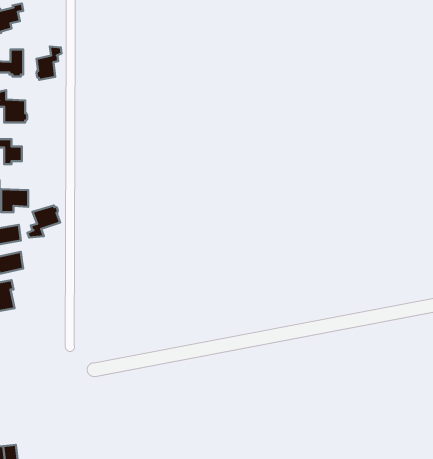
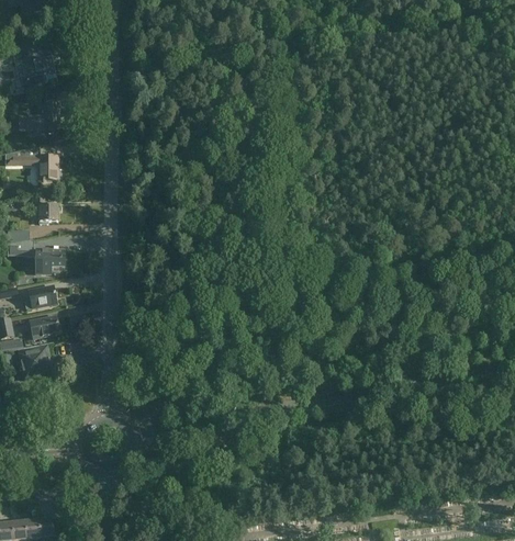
building: [37,46,61,80] -> none
building: [27,206,60,238] -> none

